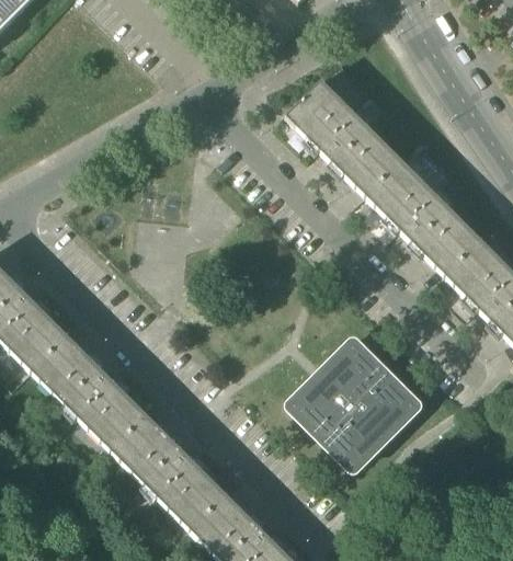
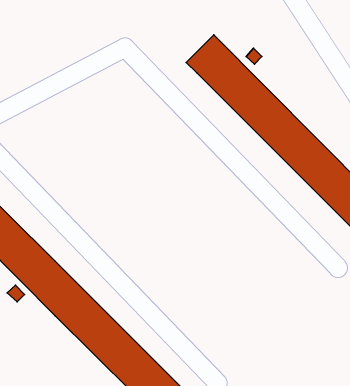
building: [288,340,413,465] -> none

